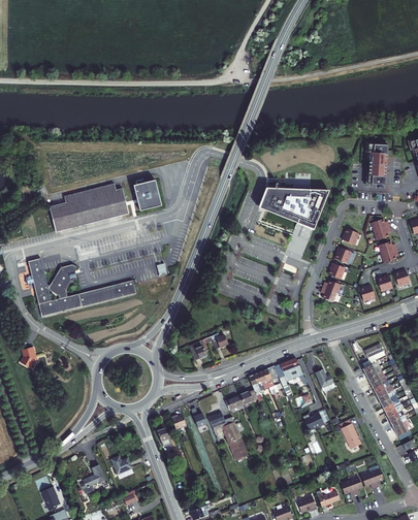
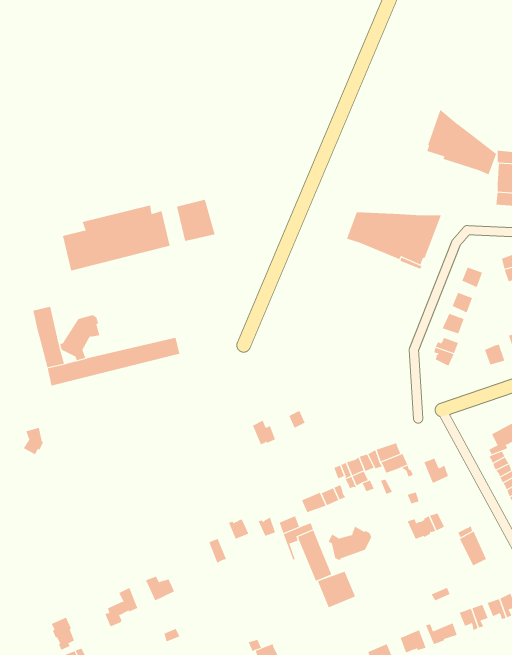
building: none -> [426,109,497,175]
building: none -> [328,526,372,561]
building: none -> [317,571,356,608]

